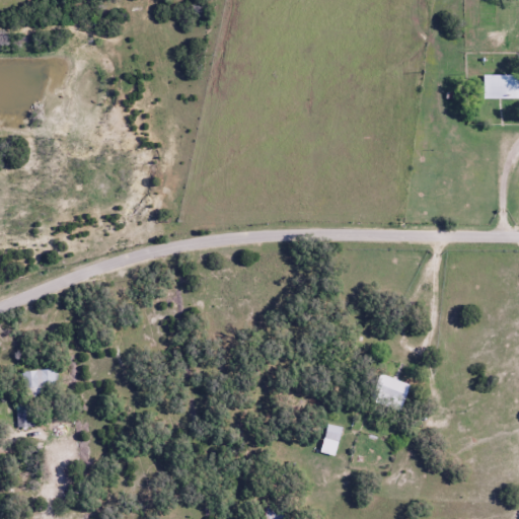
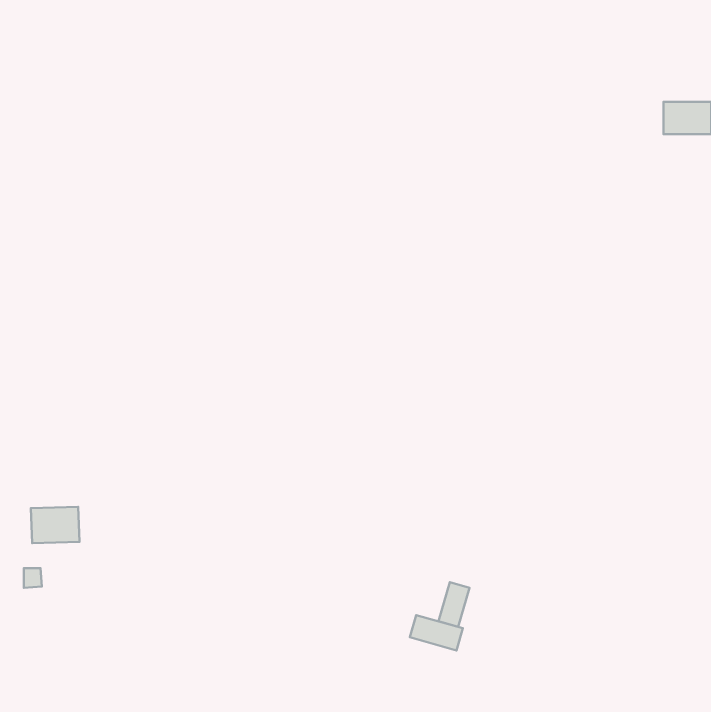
building: [370,373,411,407] -> none
building: none -> [410,615,463,651]

